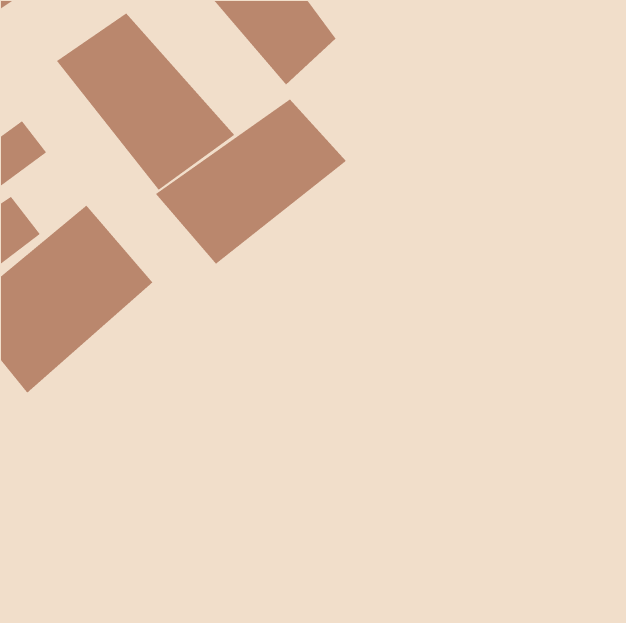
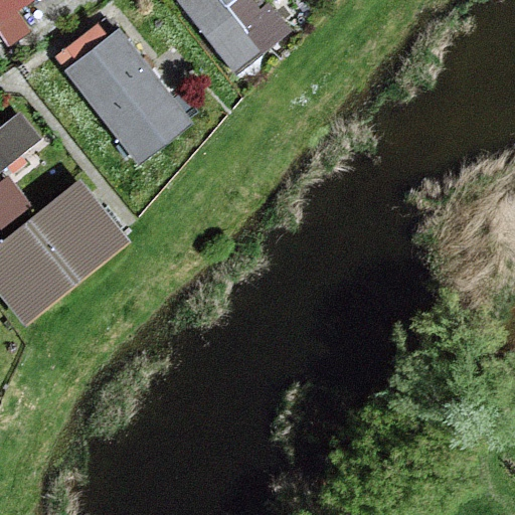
building: [155,99,347,265] -> none

